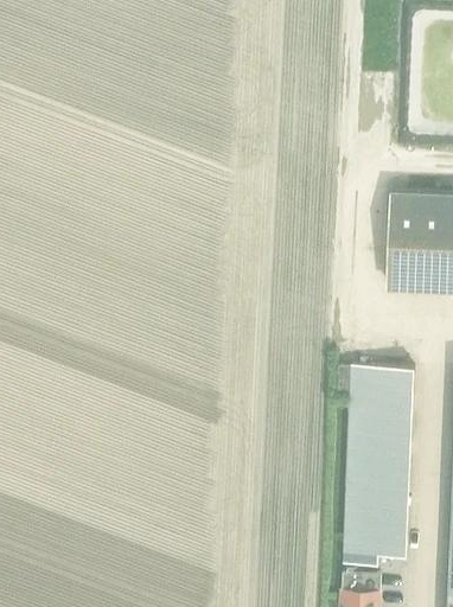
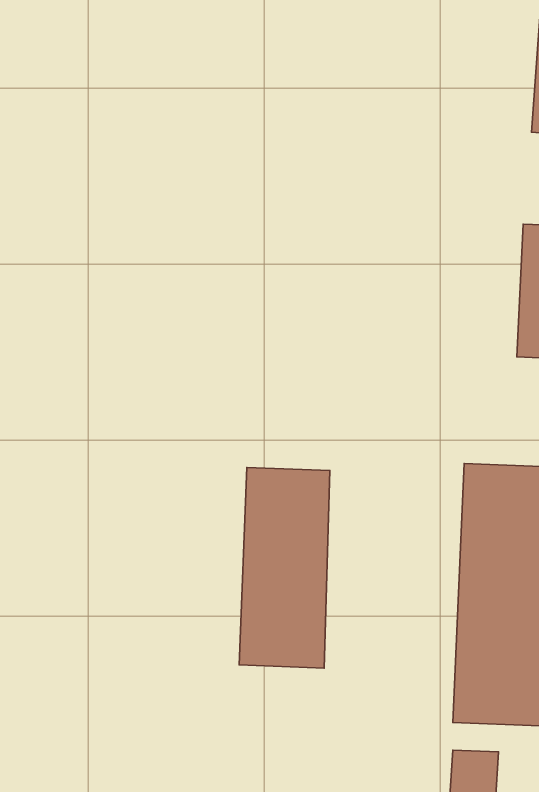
building: none -> [239,468,330,668]

